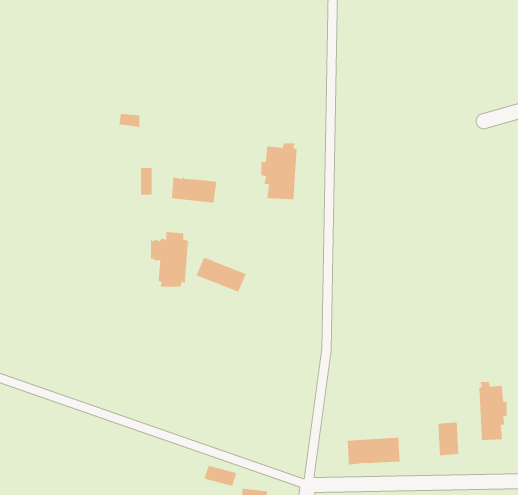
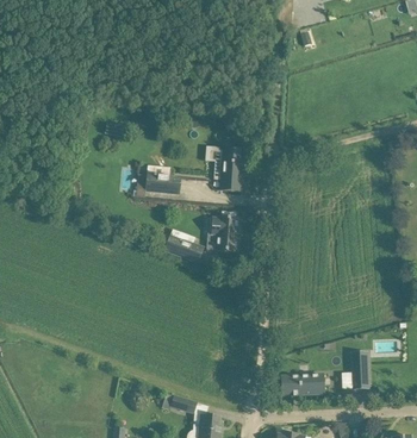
building: [150,232,189,287] -> [208,211,238,254]
building: [479,381,507,441] -> none

